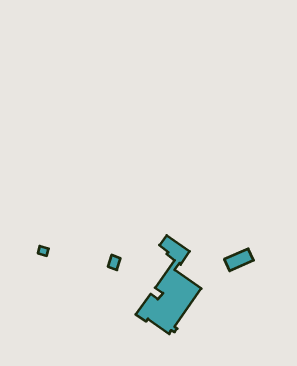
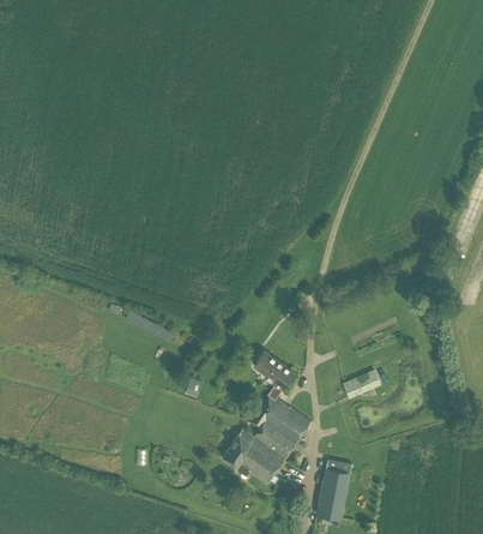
building: none -> [316,458,354,518]

